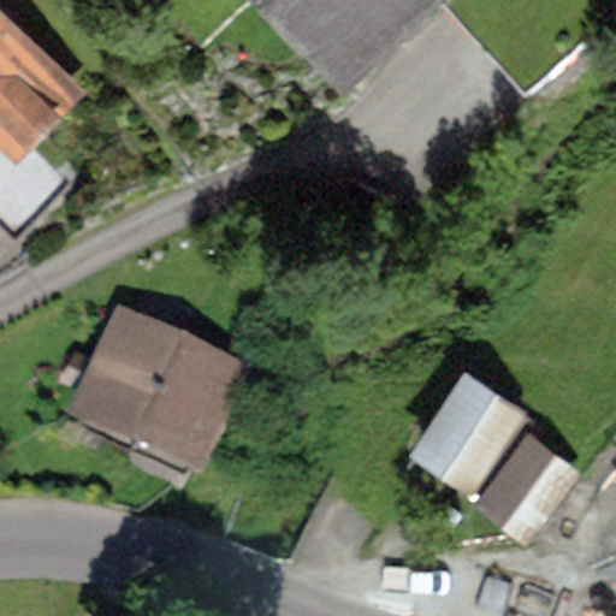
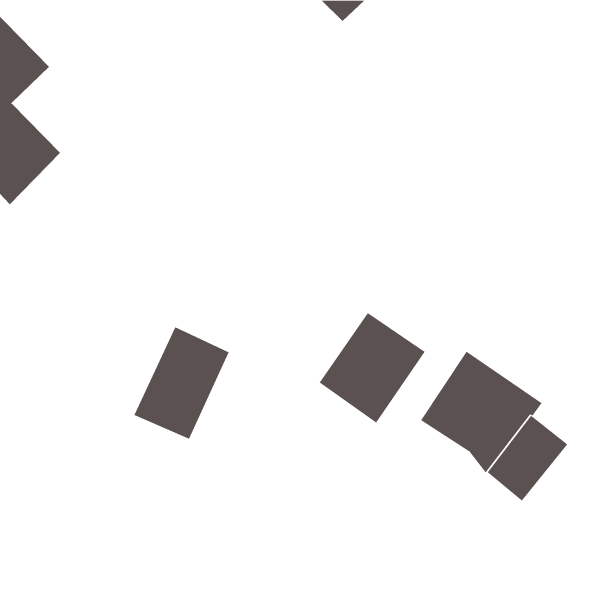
building: [78,316,173,431] -> none
building: none -> [319,312,425,424]

